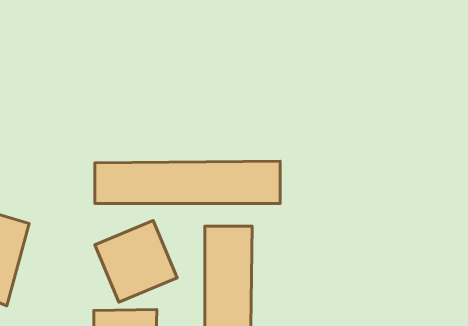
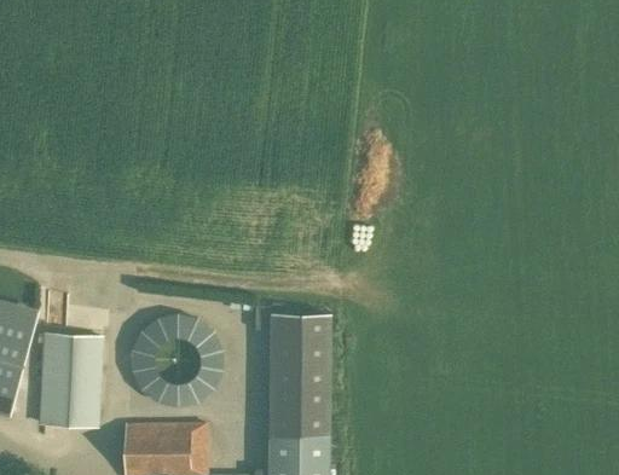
building: [95,161,280,203] -> none
building: none -> [39,335,102,428]

